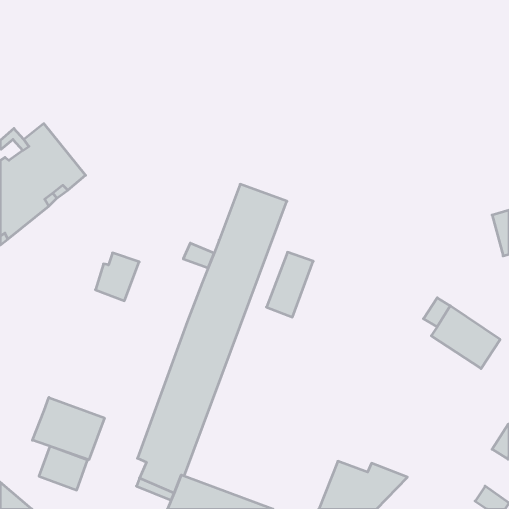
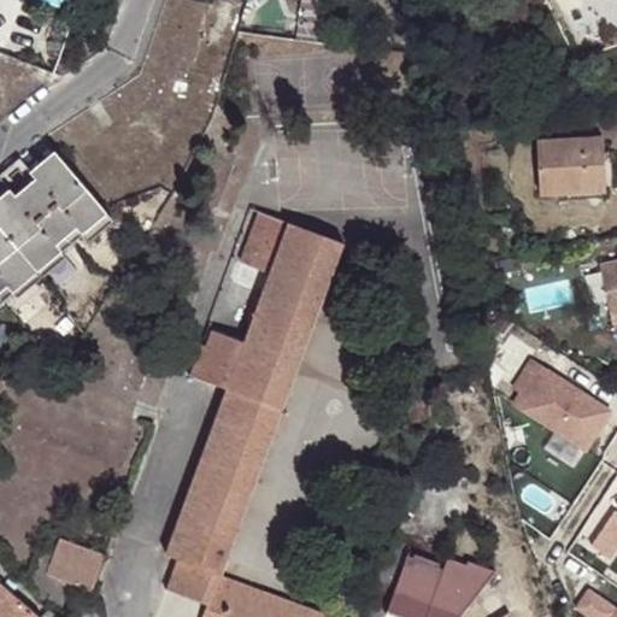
building: none -> [534,125,601,187]
building: [266,252,313,317] -> [234,212,290,290]
building: [95,253,139,301] -> [192,331,245,389]
building: [32,397,104,460] -> none

